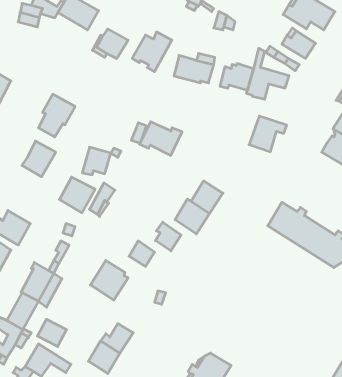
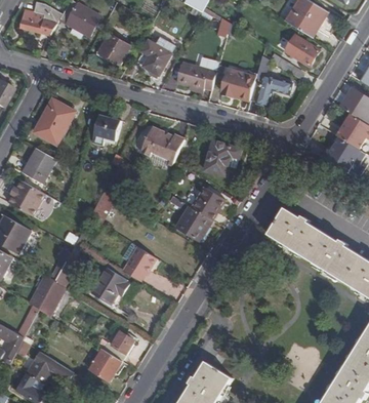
building: [249,116,287,152] -> [203,140,241,176]
building: [82,147,111,175] -> [92,115,121,143]
building: [59,177,95,213] -> [8,180,44,216]
building: [155,222,181,251] -> none
building: [37,319,67,347] -> none

